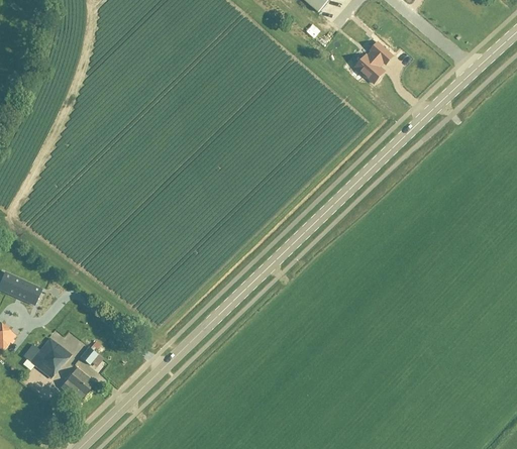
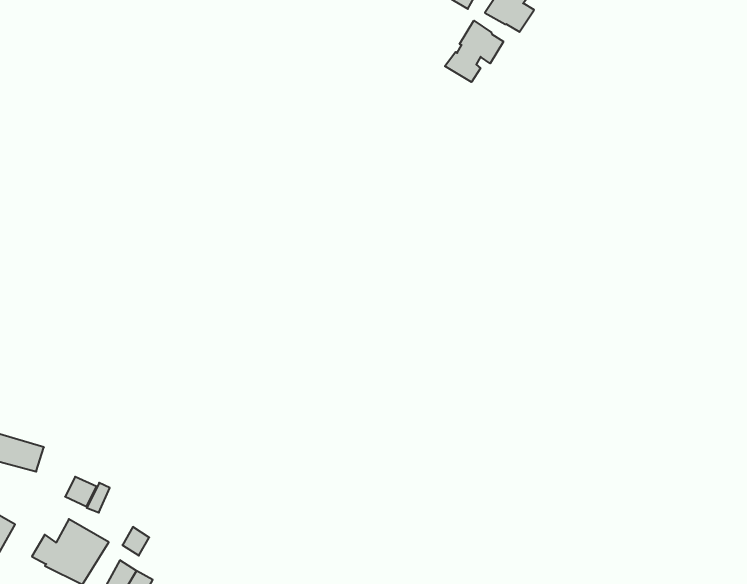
building: none -> [445,21,503,82]

